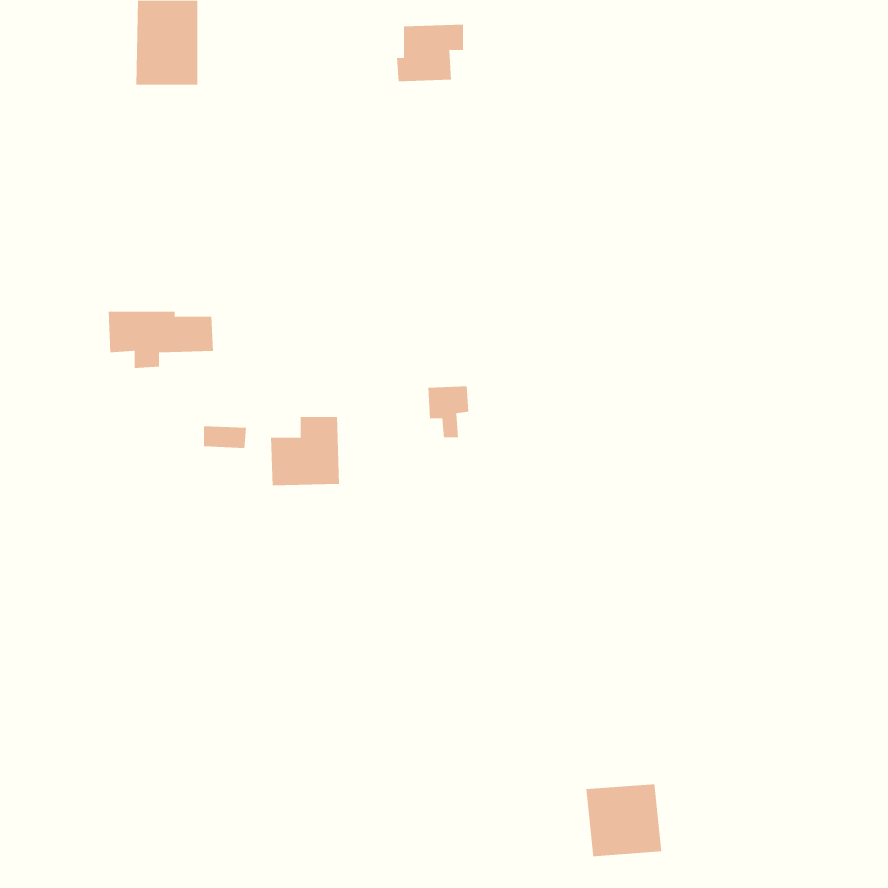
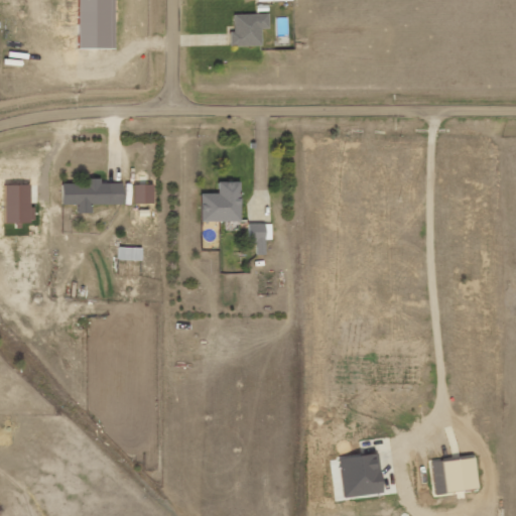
building: none -> [5,184,35,223]
building: none -> [133,184,154,204]
building: [270,416,340,486] -> [202,181,242,222]
building: none -> [431,458,479,494]

